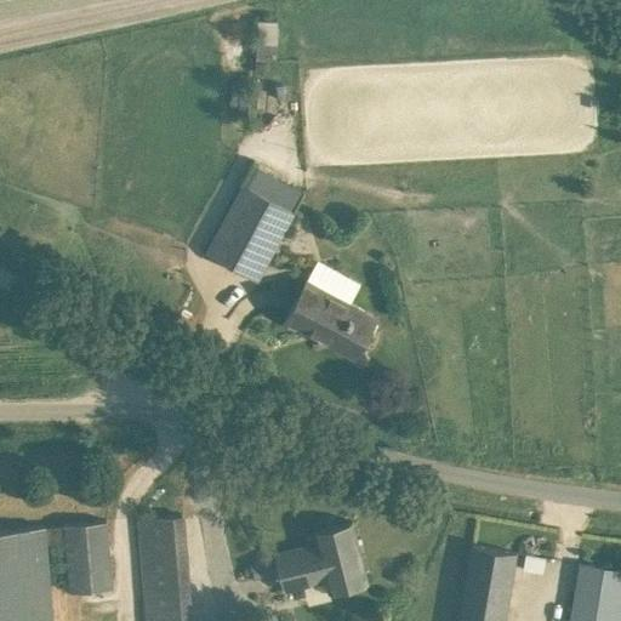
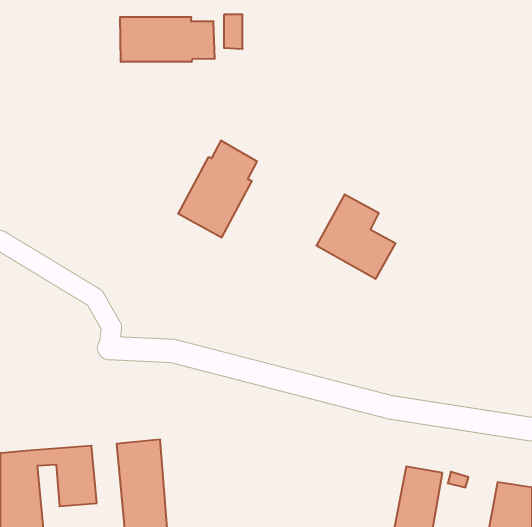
building: none -> [120,17,214,62]
building: [285,264,377,363] -> [316,194,396,279]
building: [274,525,368,597] -> none

